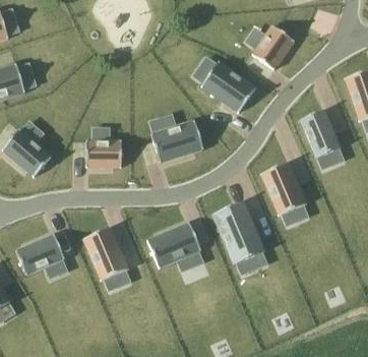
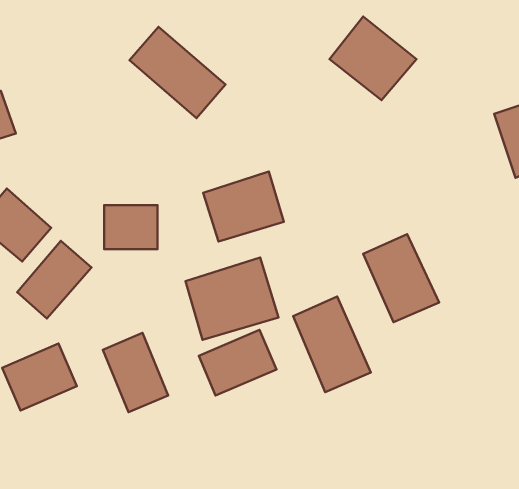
building: [197,54,261,115] -> [129,27,225,118]
building: [303,108,342,158] -> none
building: none -> [17,241,92,318]
building: none -> [186,257,278,340]

